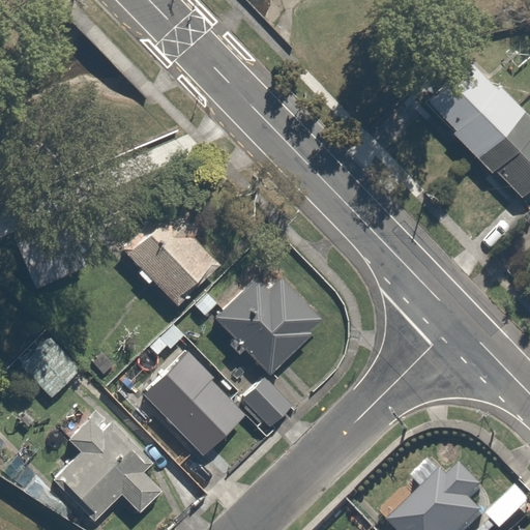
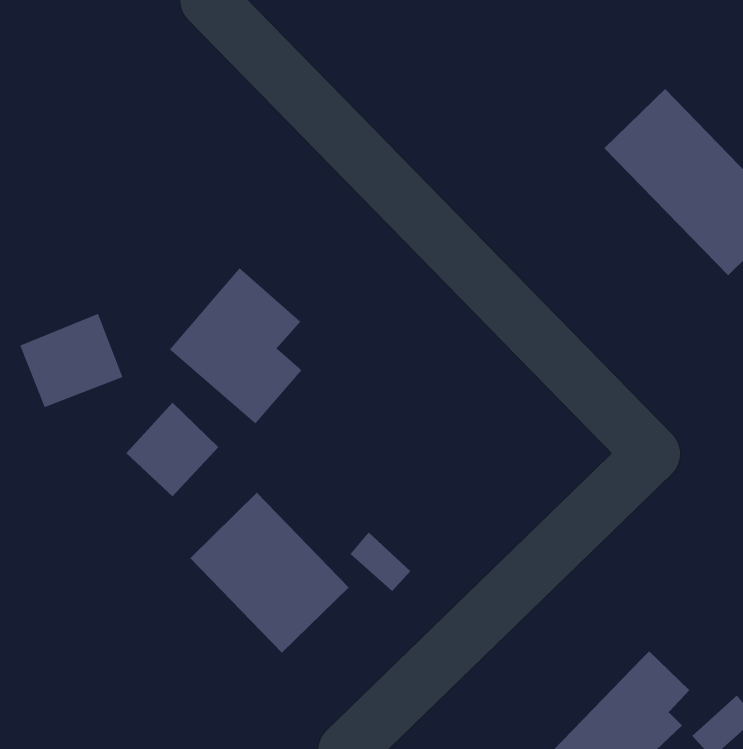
building: [210,277,320,375] -> none
building: [16,333,82,401] -> [125,402,219,497]
building: [57,411,155,521] -> none

